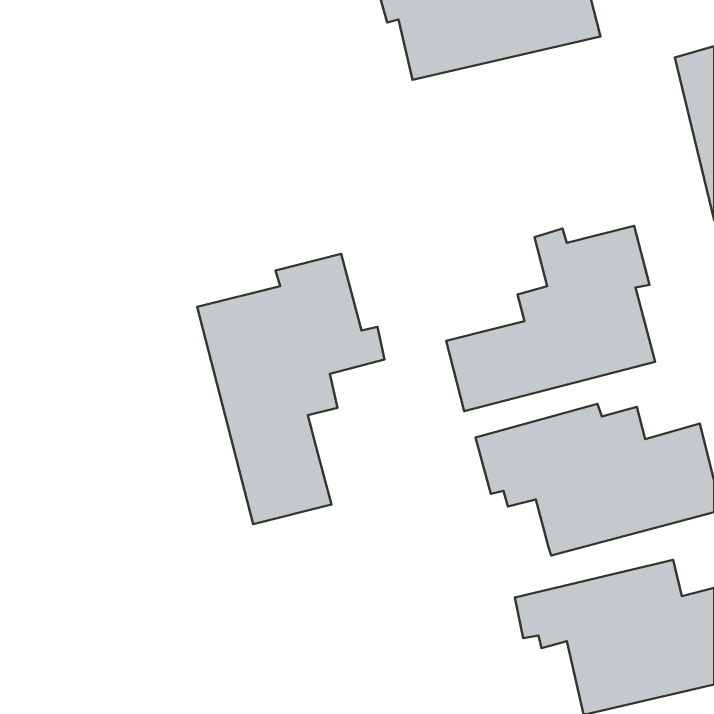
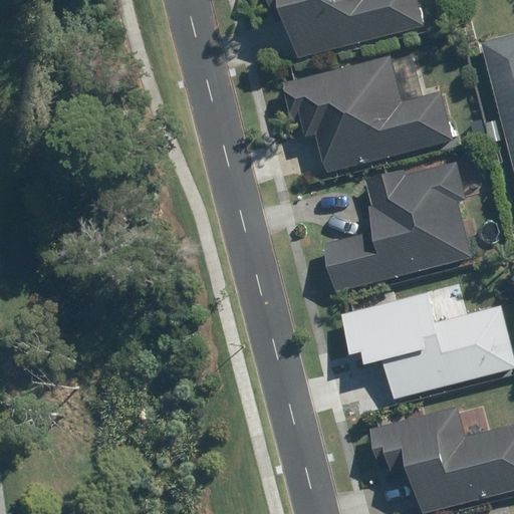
building: none -> [278,58,455,174]
building: [197,254,384,524] -> none

